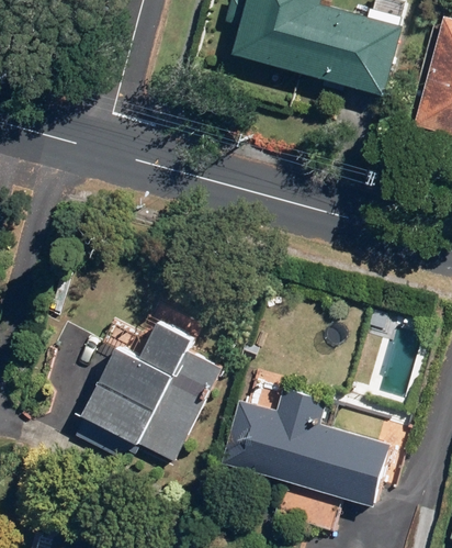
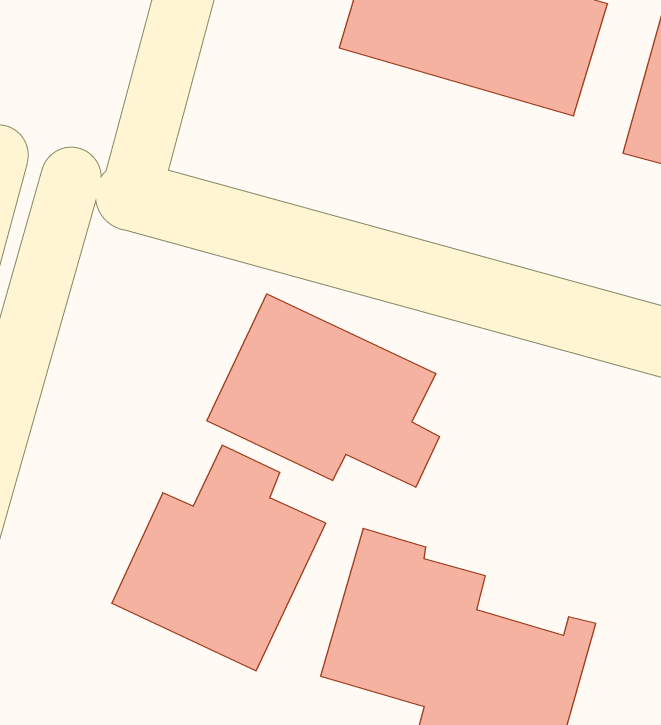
building: none -> [207,294,440,487]

